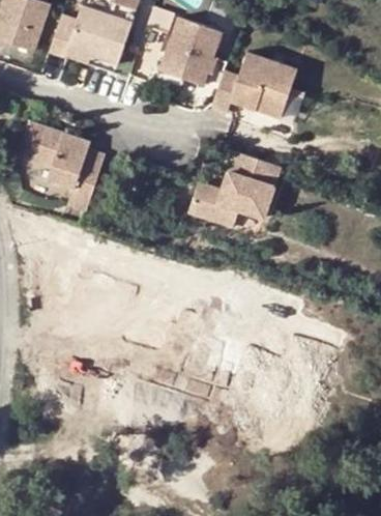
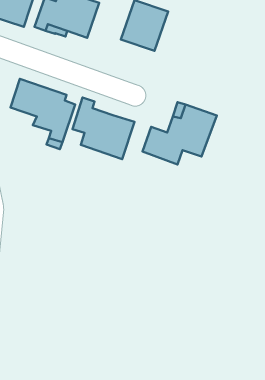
building: [211,49,297,119] -> none
building: none -> [73,98,134,159]

